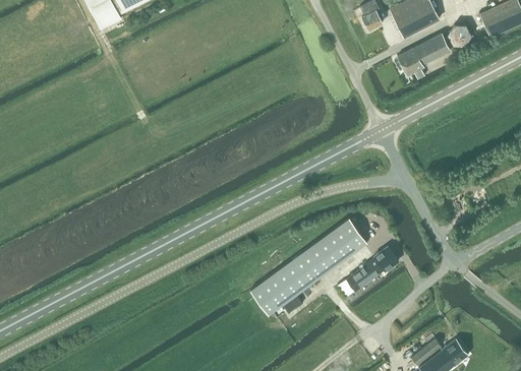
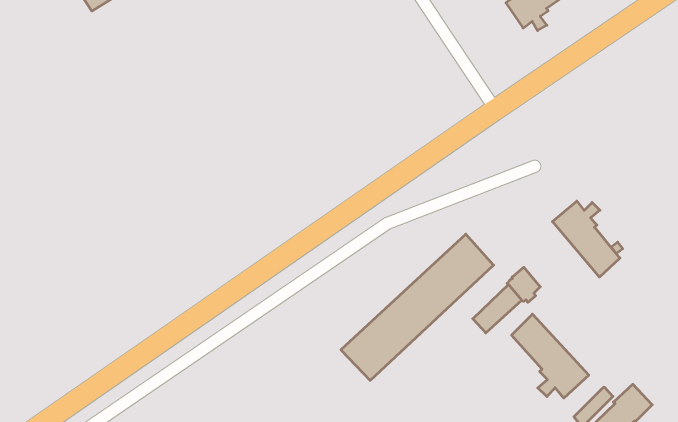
building: none -> [552,201,620,277]
building: none -> [512,314,589,398]

